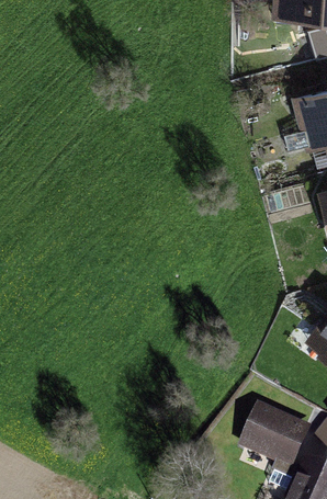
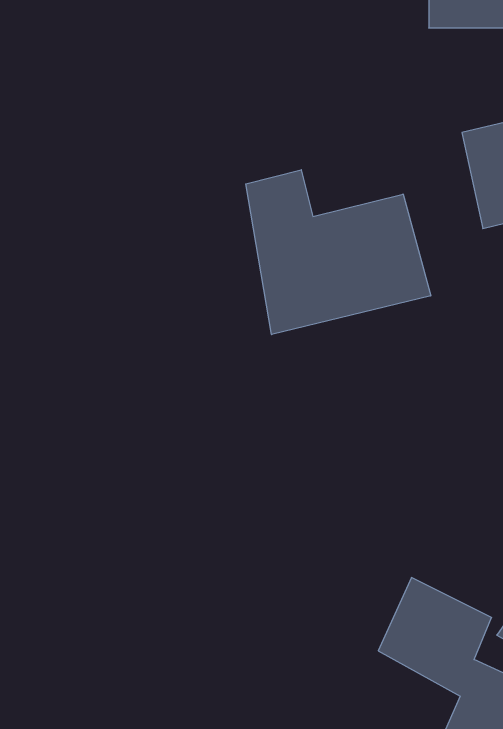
building: none -> [246,170,431,335]

